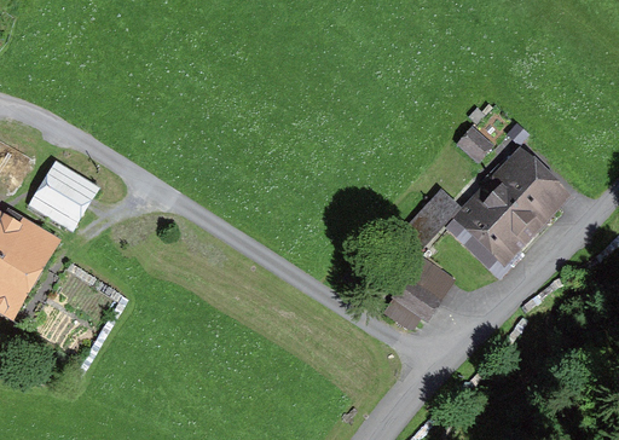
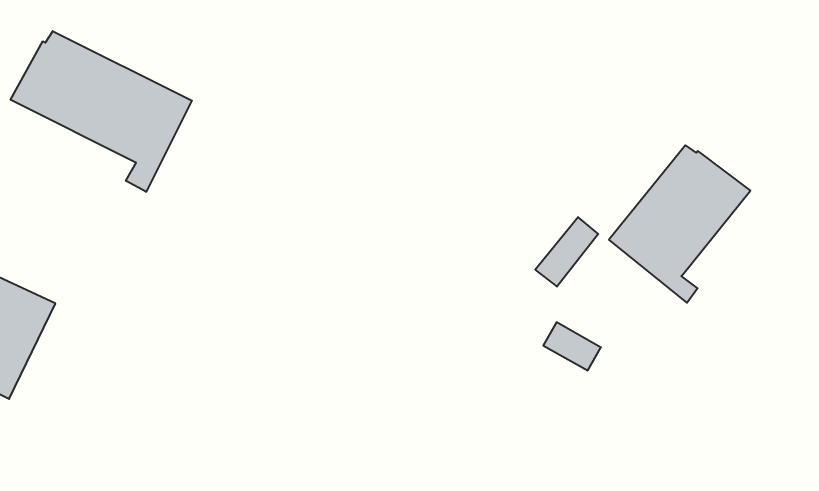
building: none -> [11,31,192,192]
building: [36,166,94,225] -> none

